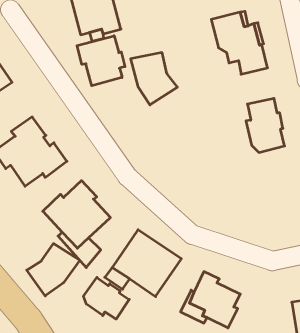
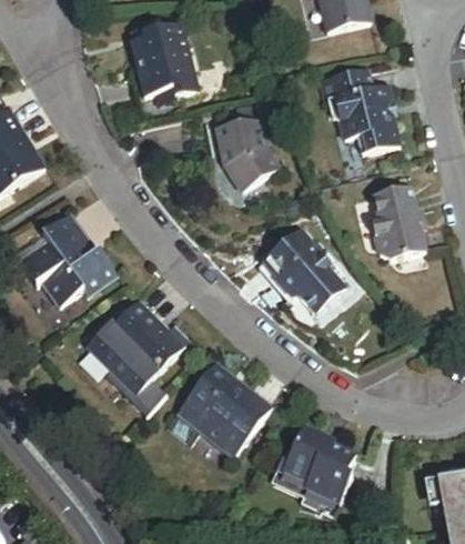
building: [77,36,125,86] -> none
building: none -> [262,231,342,313]
building: [27,244,80,296] -> none
building: [83,277,129,319] -> none

